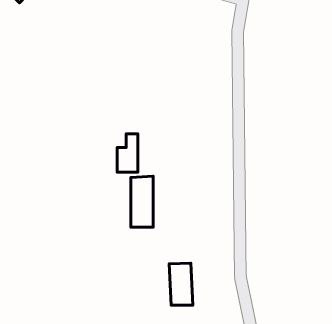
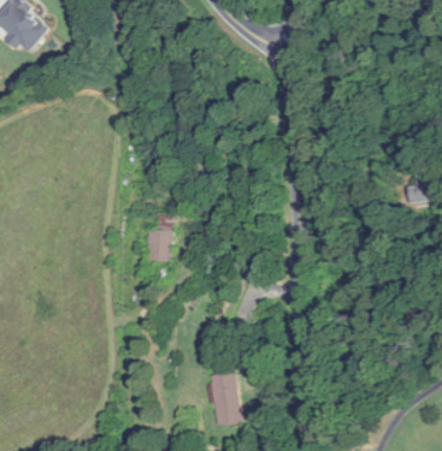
building: [131,176,153,227] -> none

